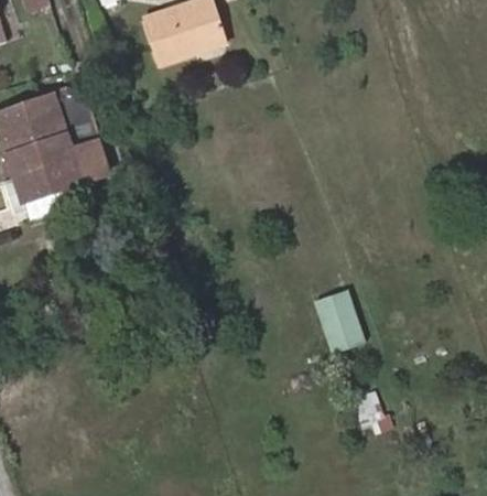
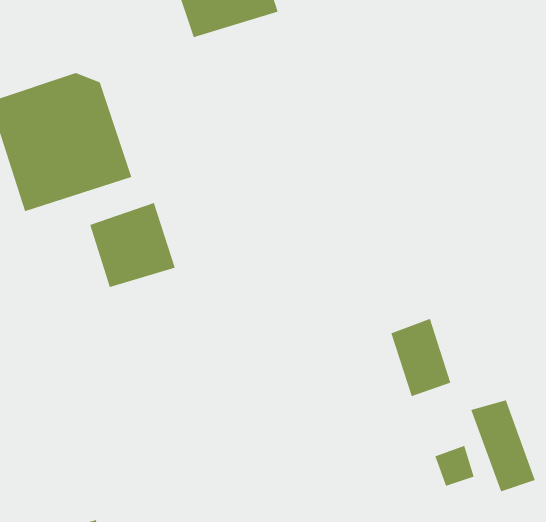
building: none -> [90,202,176,288]
building: none -> [470,399,535,492]

